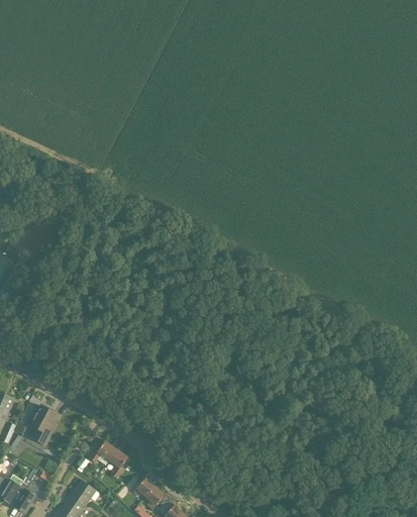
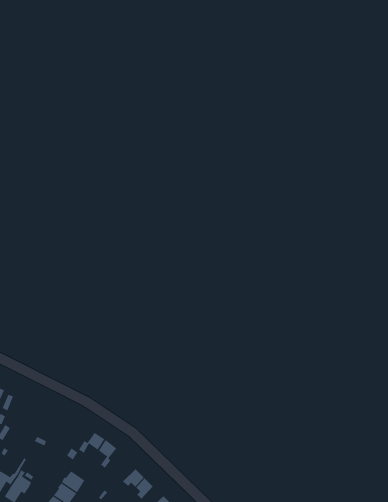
building: [31,405,55,444] -> none

